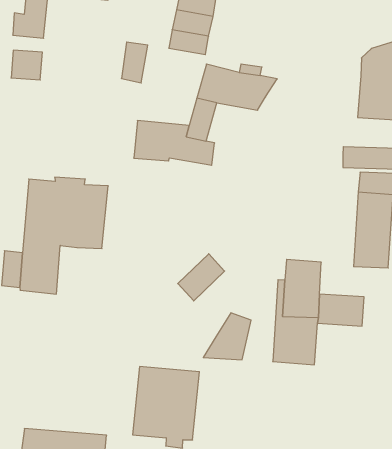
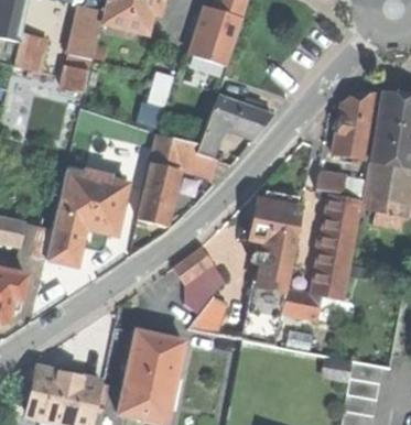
building: none -> [140,163,180,225]
building: none -> [252,200,300,264]
building: none -> [186,262,228,314]

